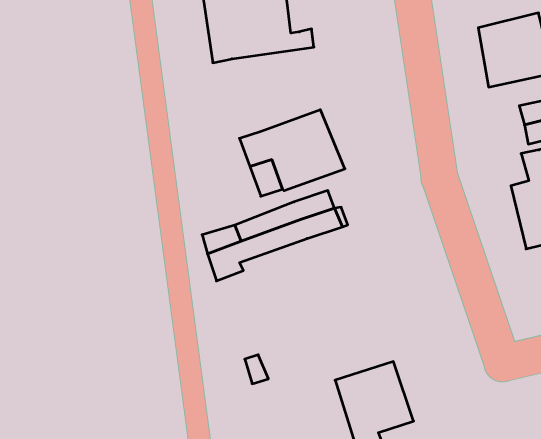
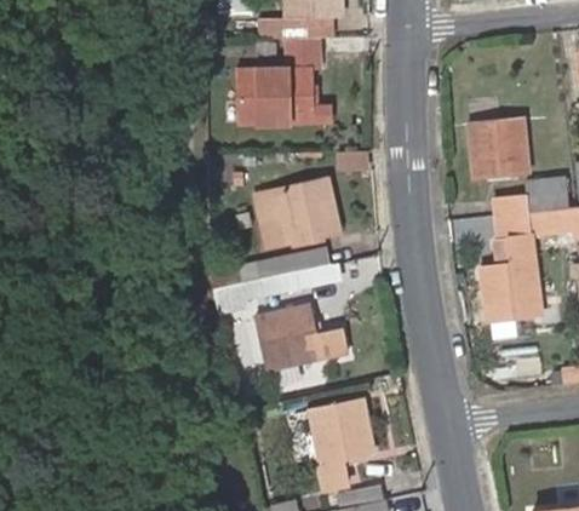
building: none -> [257,303,348,369]

